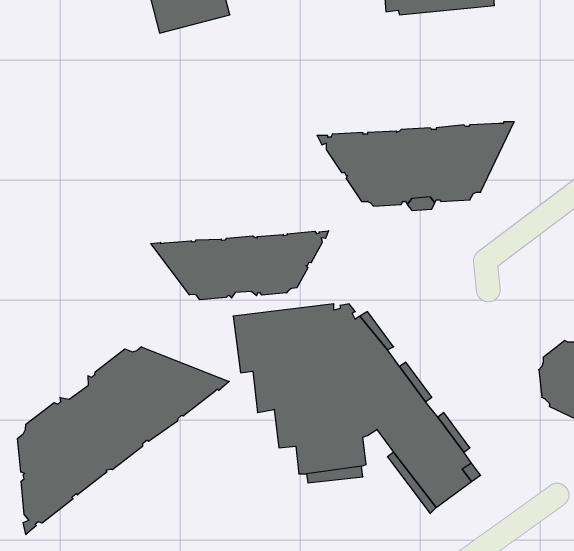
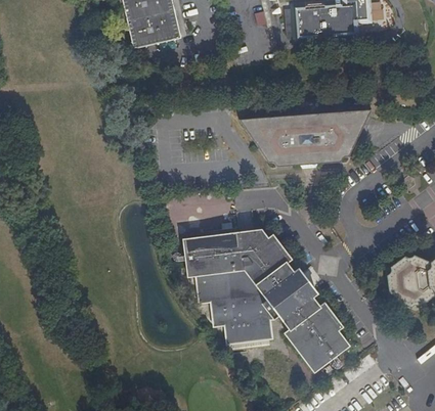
building: [151,231,329,300] -> none
building: [18,347,229,535] -> none

